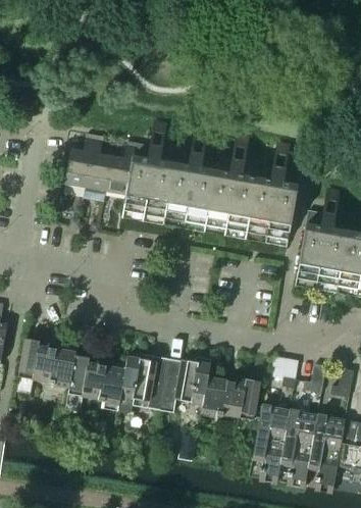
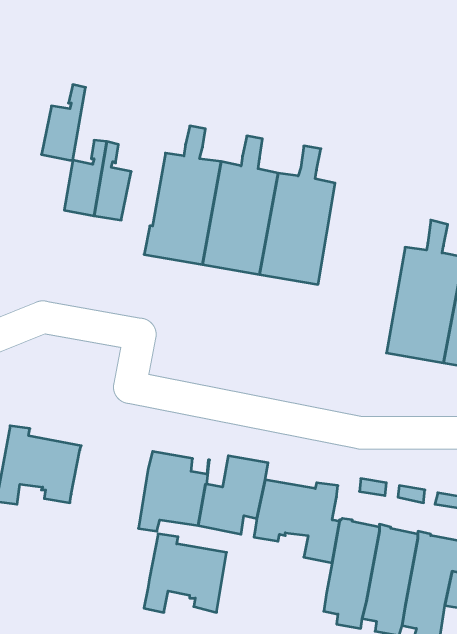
building: [105,140,137,194] -> [41,85,86,160]
building: [246,144,300,244] -> none
building: [65,354,124,410] -> [144,534,227,612]

